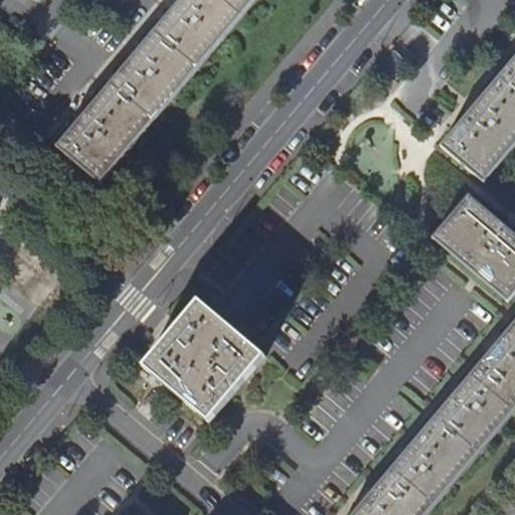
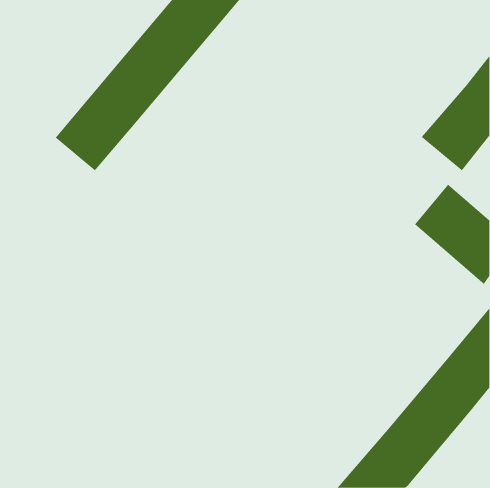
building: [143,299,264,418] -> none

